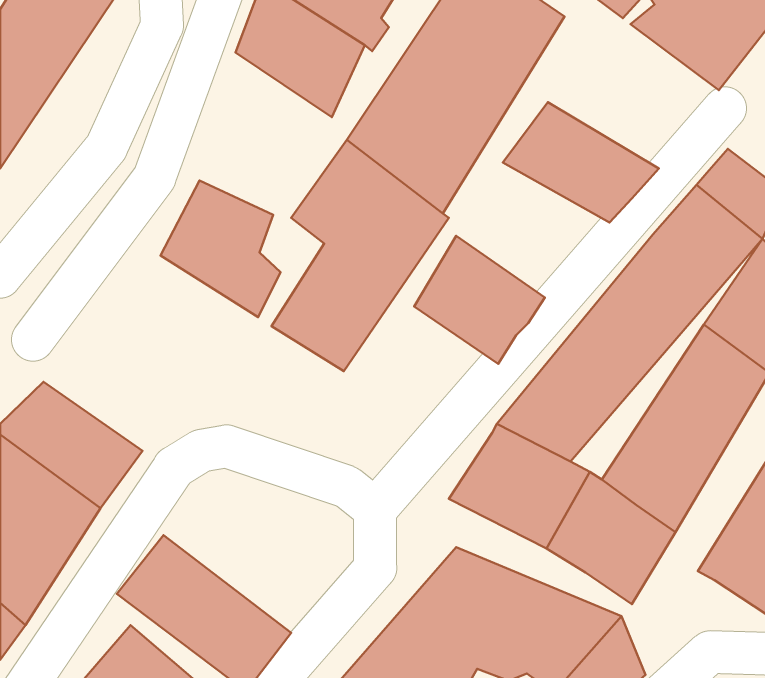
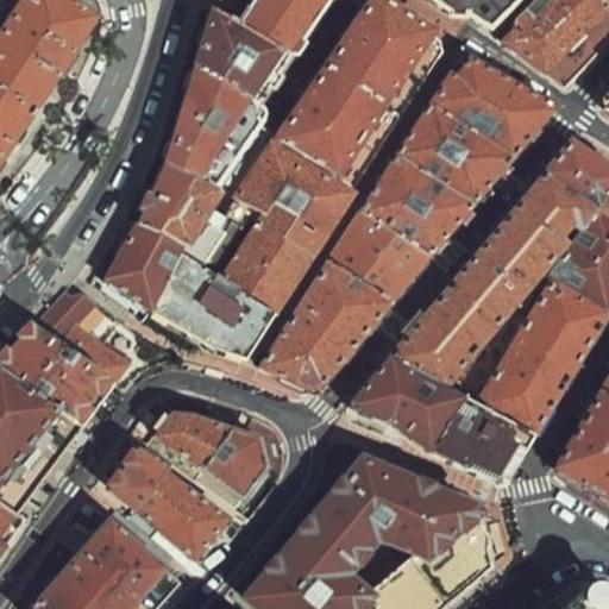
building: none -> [435,43,554,151]
building: none -> [159,59,264,188]
building: none -> [363,146,484,253]
building: none -> [100,220,274,366]
building: none -> [258,260,396,391]
building: none -> [36,284,130,375]
building: none -> [140,403,269,504]

